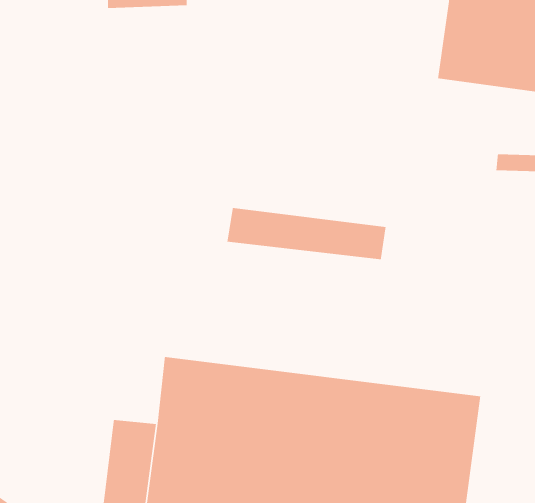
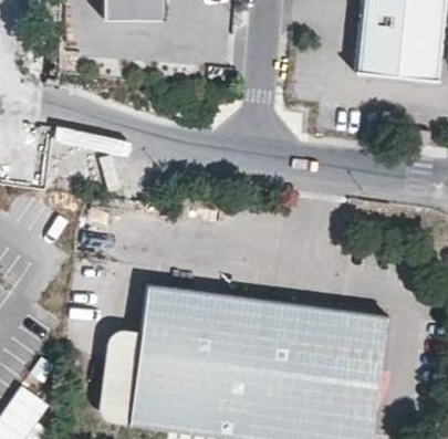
building: [227,207,387,260] -> none

